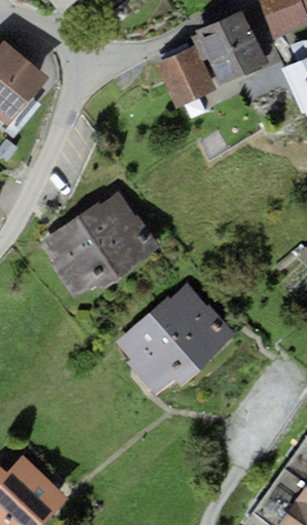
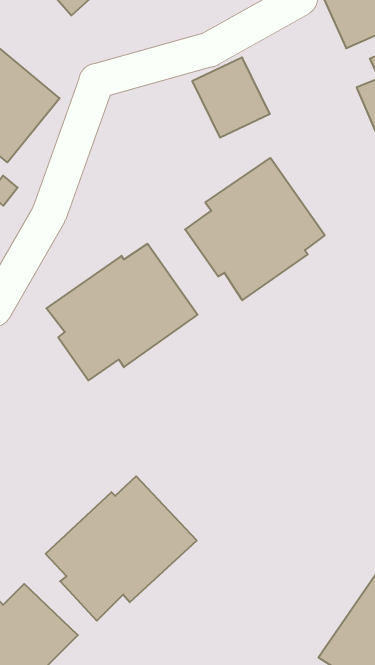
building: [190,10,270,85] -> none
building: none -> [185,158,325,300]
building: [117,283,235,396] -> [46,476,197,621]

